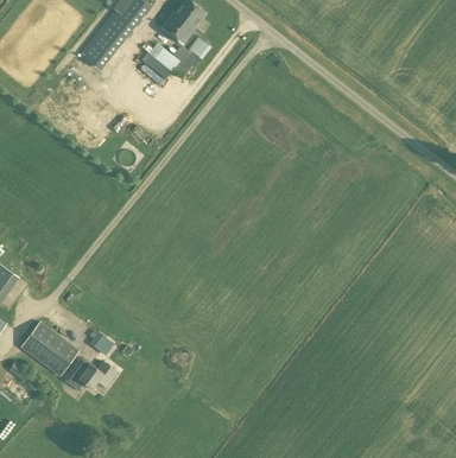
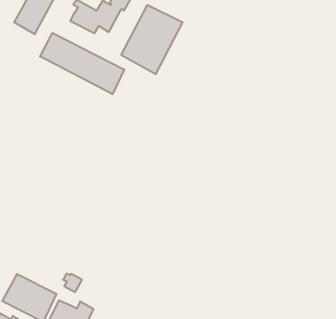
building: none -> [121,5,183,74]
building: none -> [40,33,124,94]

